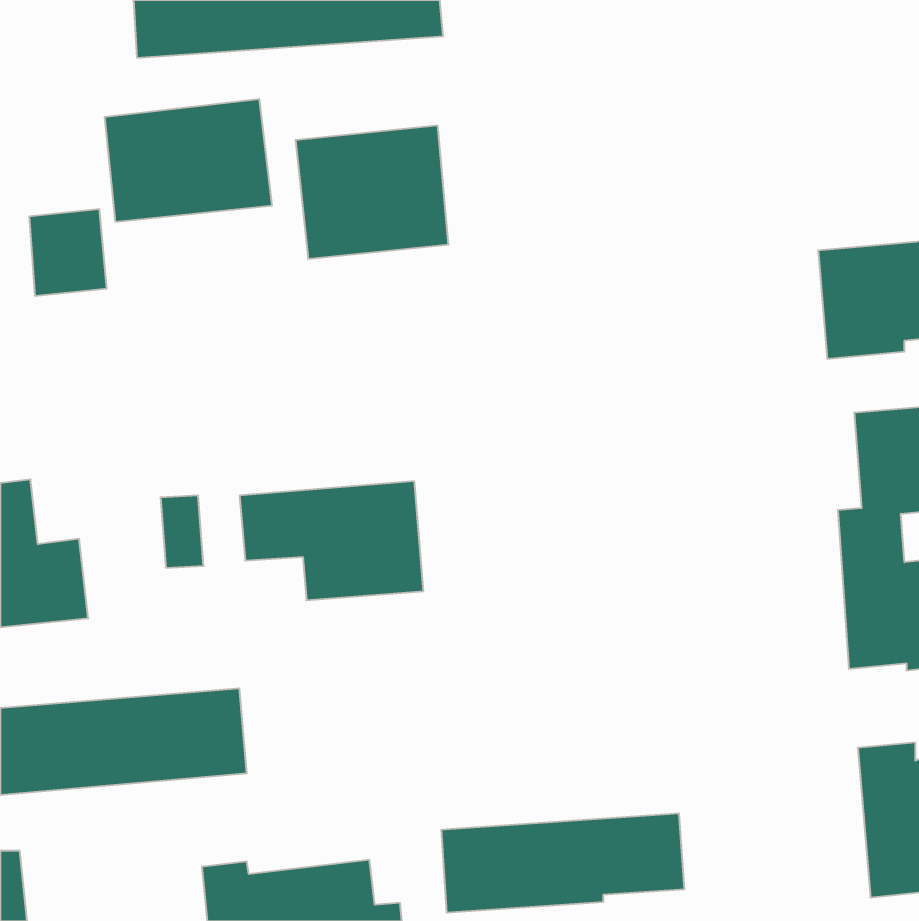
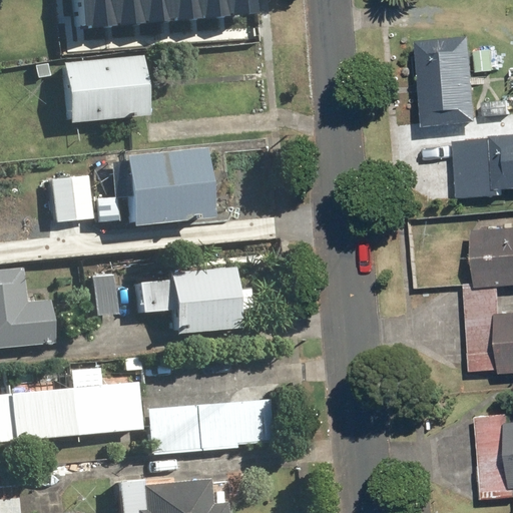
building: none -> [420,35,481,127]
building: [295,126,449,259] -> [122,149,207,223]
building: [29,209,107,296] -> [47,174,90,222]
building: [441,813,684,913] -> [144,399,280,454]

